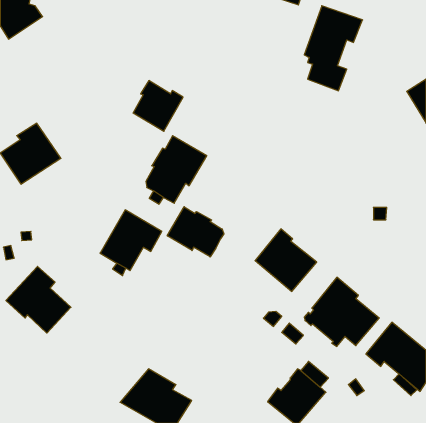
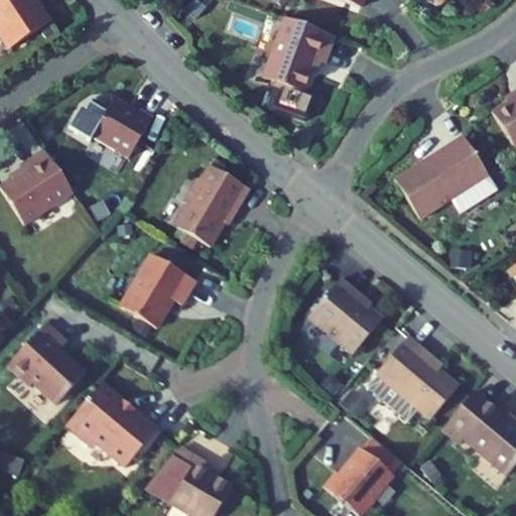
building: [304,6,363,91] -> [264,17,335,120]
building: [133,81,183,131] -> [92,96,152,157]
building: none -> [395,135,497,217]
building: [167,207,224,257] -> none
building: none -> [66,381,159,466]

